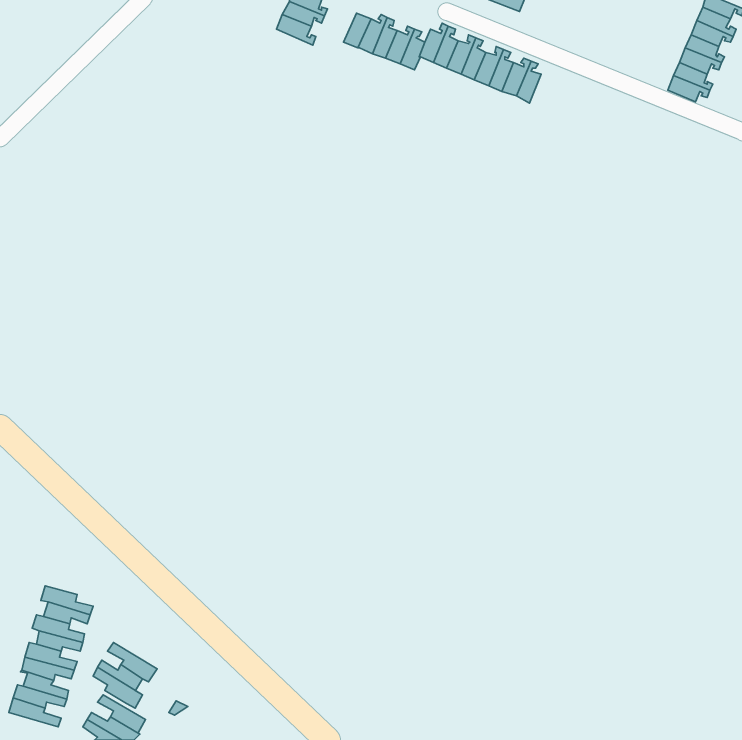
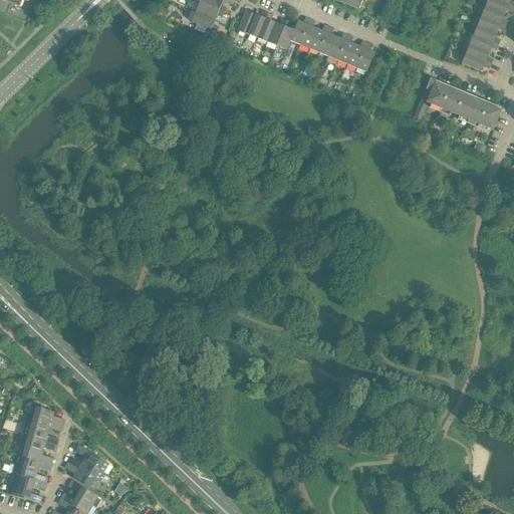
building: none -> [415,77,502,128]

